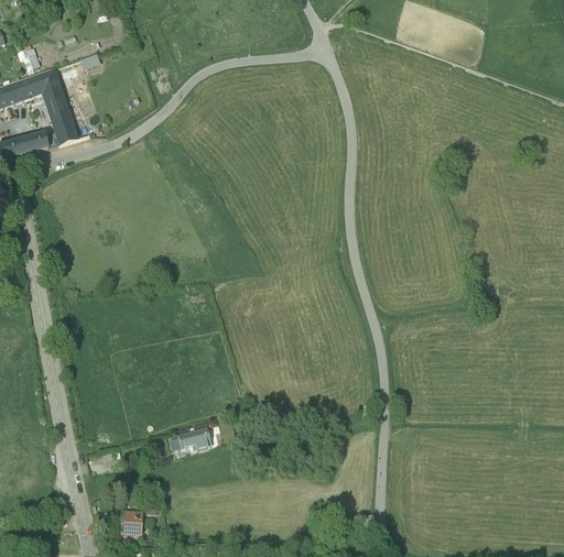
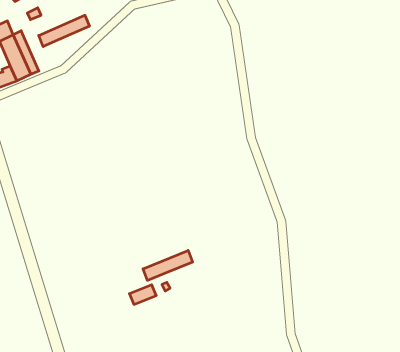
building: none -> [39,15,89,47]
building: none -> [143,250,193,280]

